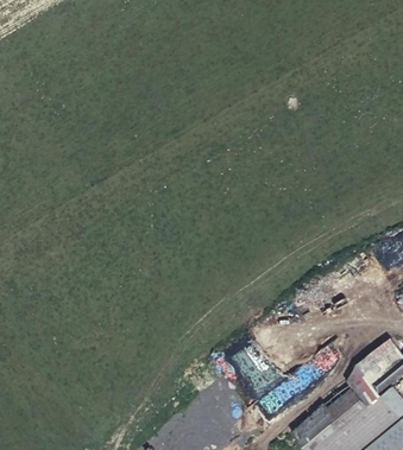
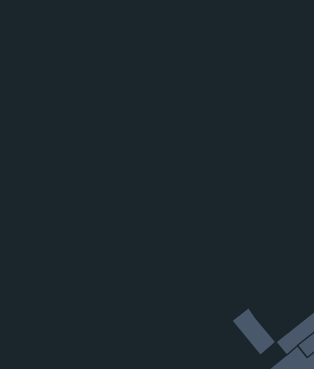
building: none -> [232,307,276,355]

